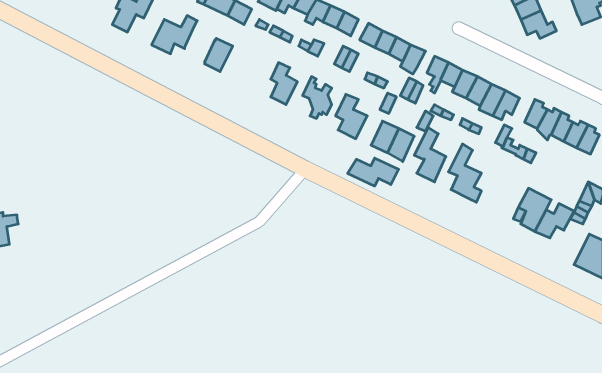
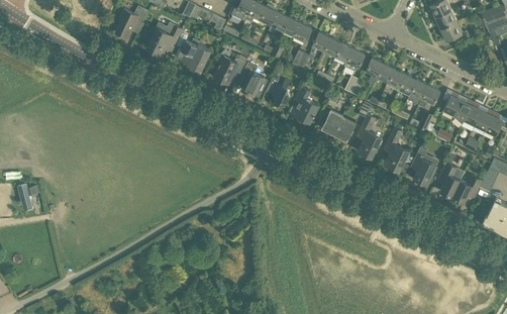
building: none -> [174,33,199,62]
building: none -> [214,56,245,83]
building: [348,158,399,186] -> none
building: none -> [412,153,436,185]

